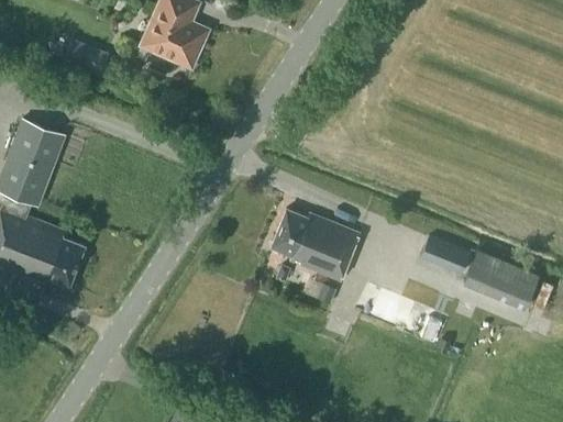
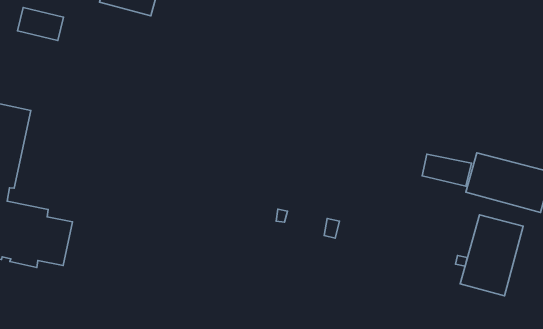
building: [272,210,357,281] -> none
building: none -> [460,215,523,296]

